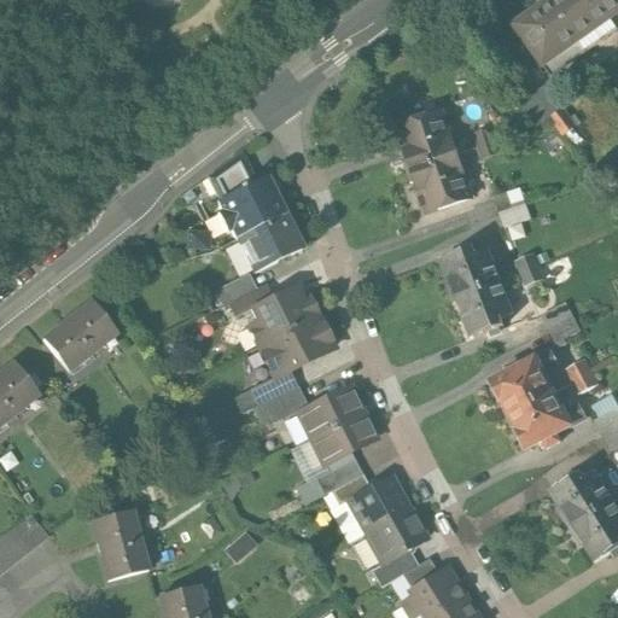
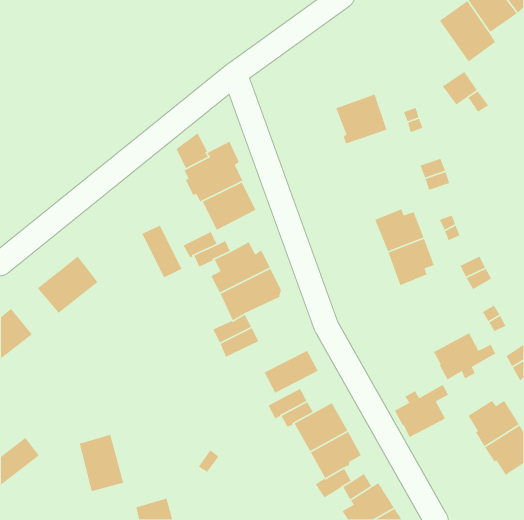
building: [407,153,471,212] -> none
building: none -> [141,224,182,278]
building: [491,350,556,414] -> [394,384,449,438]
building: [298,386,362,438] -> none

